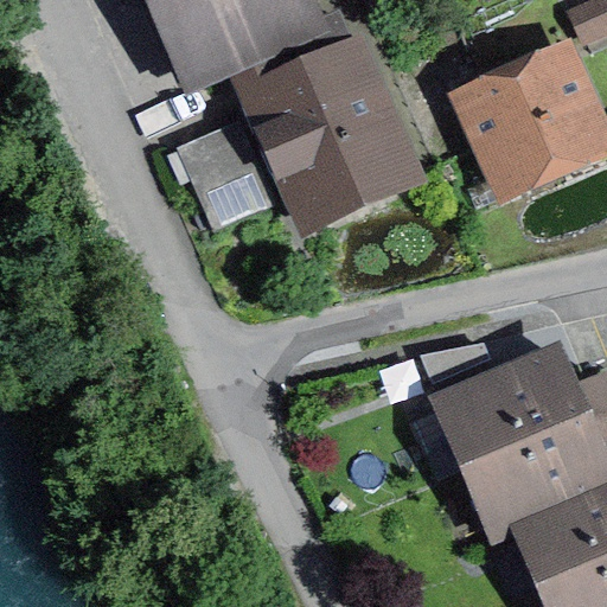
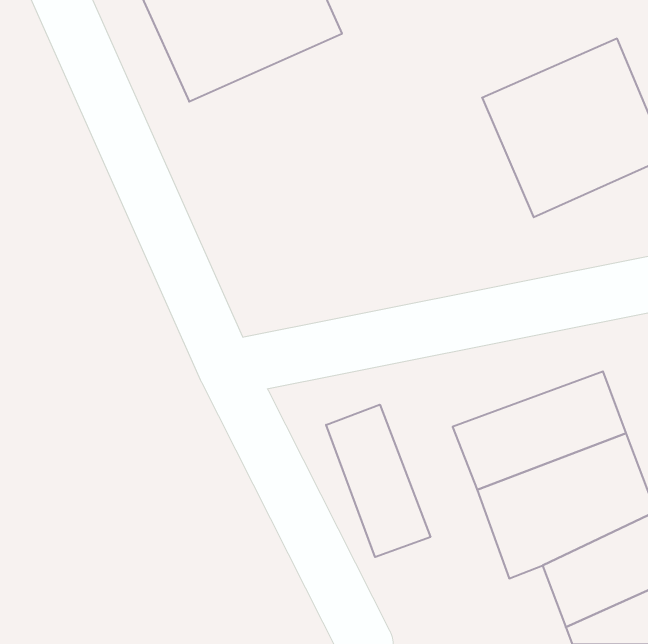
building: [197,31,426,235] -> none
building: none -> [326,405,430,557]

